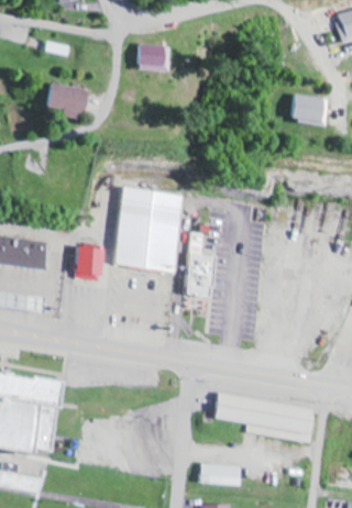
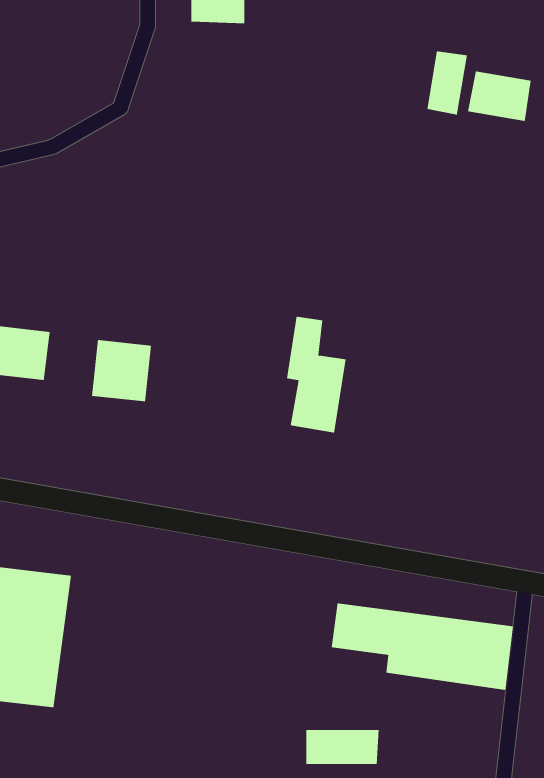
building: none -> [427,51,467,115]
building: [43,84,86,119] -> none
building: [114,186,190,273] -> none

